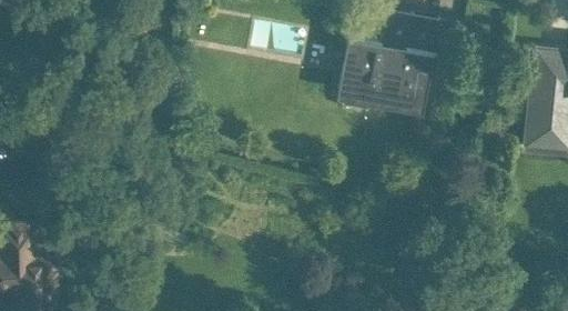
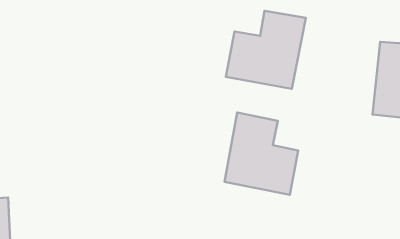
building: none -> [224,112,298,195]

